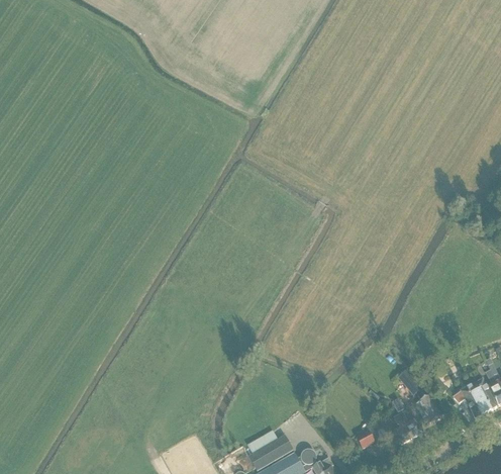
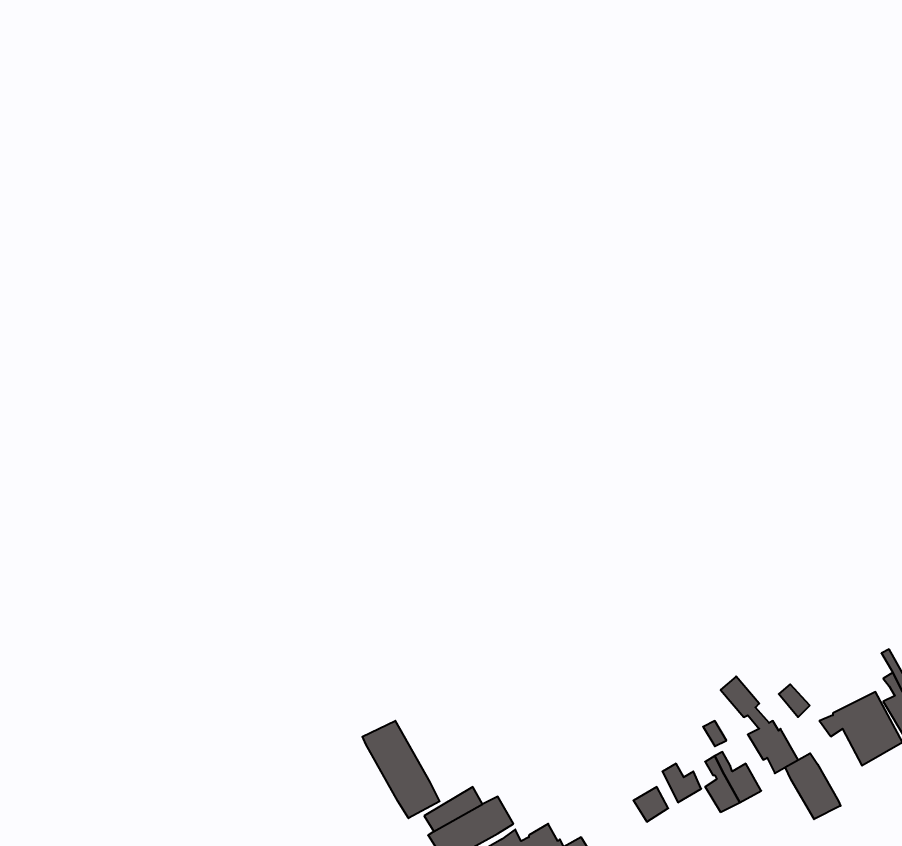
building: none -> [362,721,440,818]
building: none -> [785,753,841,819]

